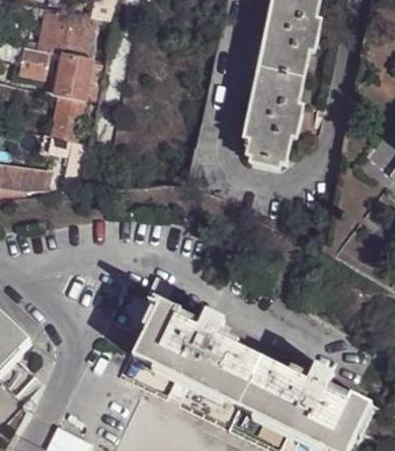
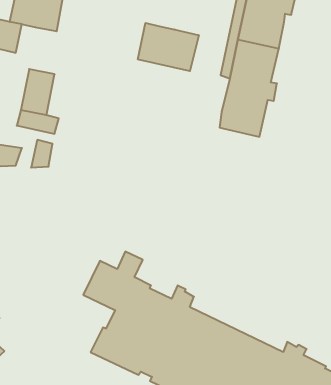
building: none -> [138,23,199,71]
building: [56,52,93,98] -> none

